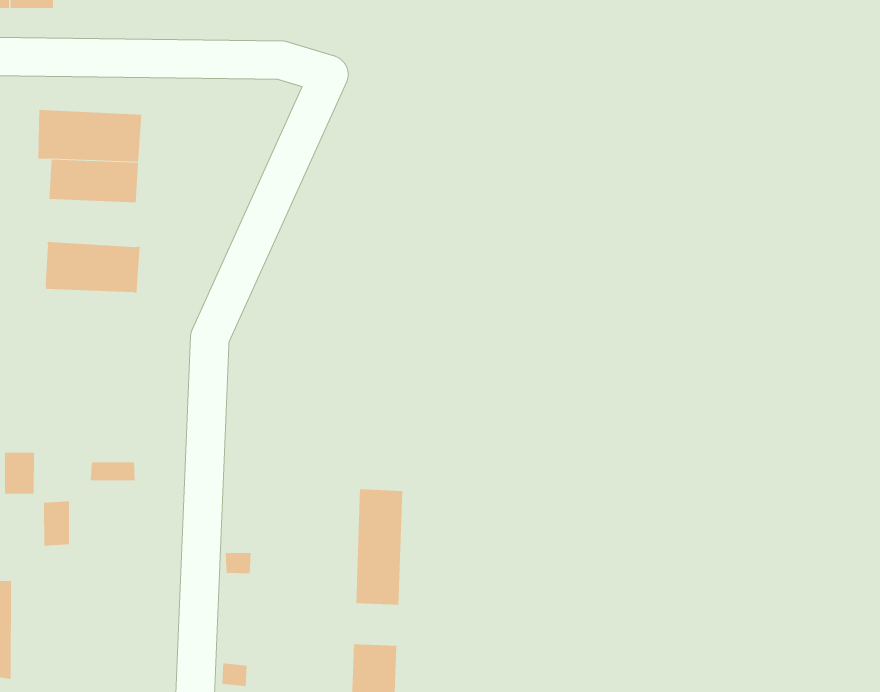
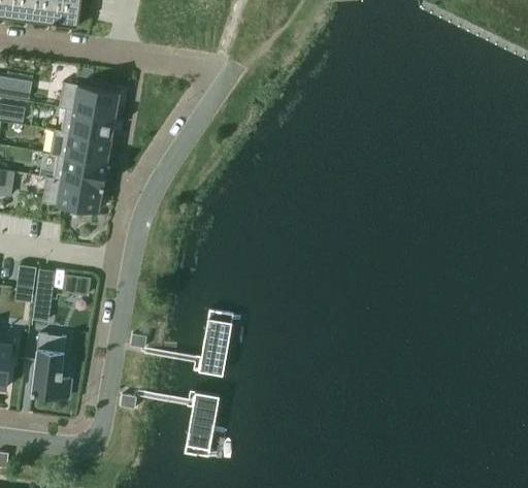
building: none -> [51,128,109,162]
building: none -> [42,175,101,212]
building: none -> [31,332,70,397]

